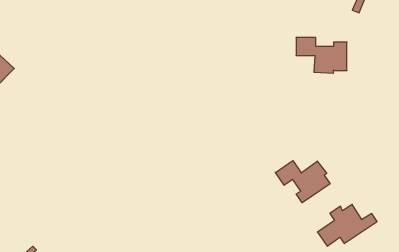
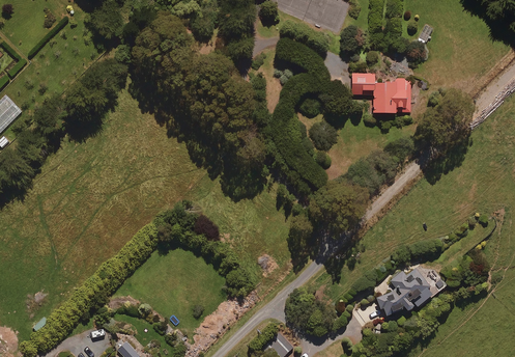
building: [275,161,330,203] -> none

